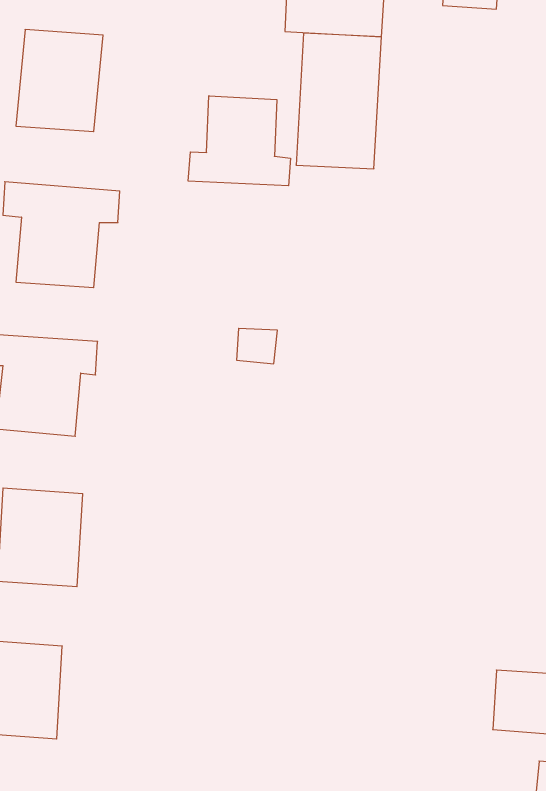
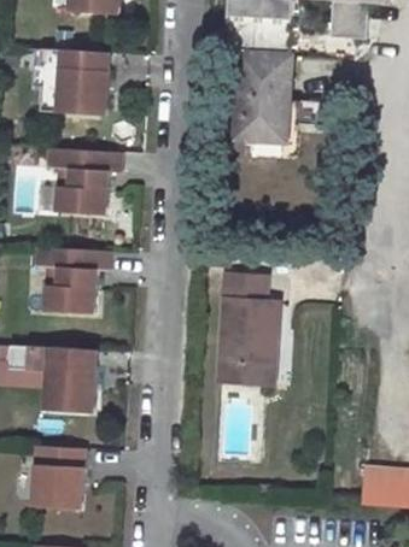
building: [188,96,290,186] -> none
building: none -> [221,275,275,382]

